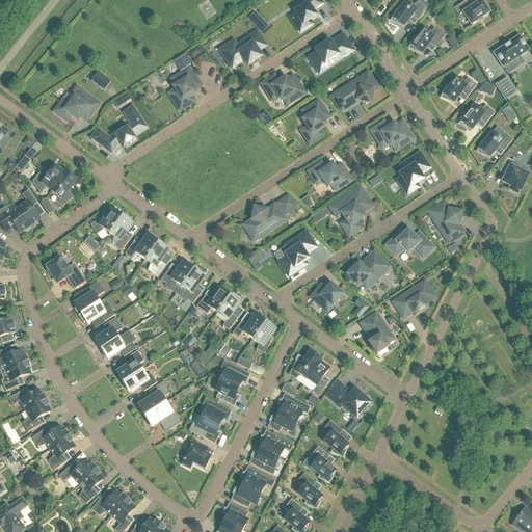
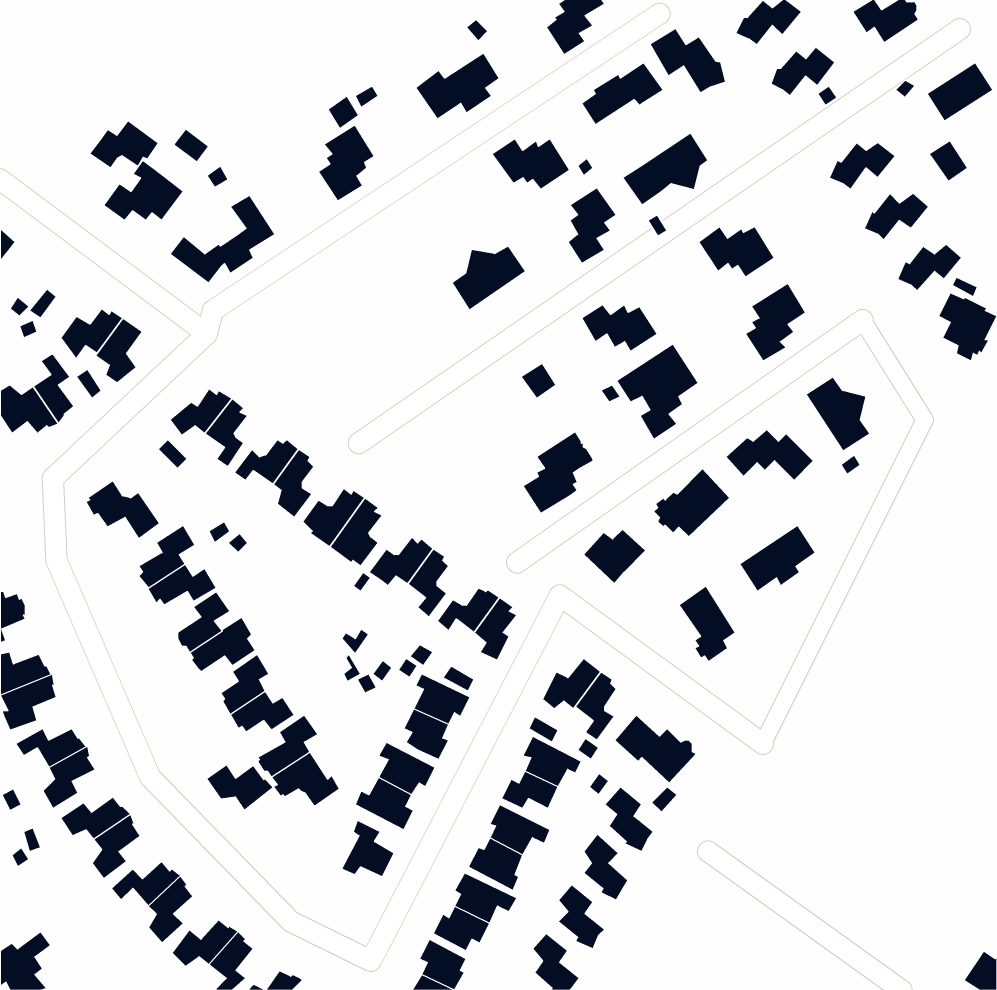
building: none -> [650,28,726,93]
building: none -> [89,121,158,168]
building: [244,204,284,238] -> [452,246,526,310]
building: none -> [207,765,274,811]

